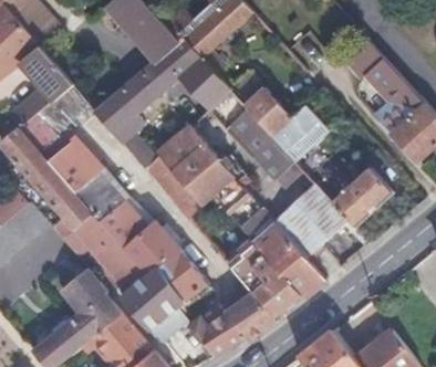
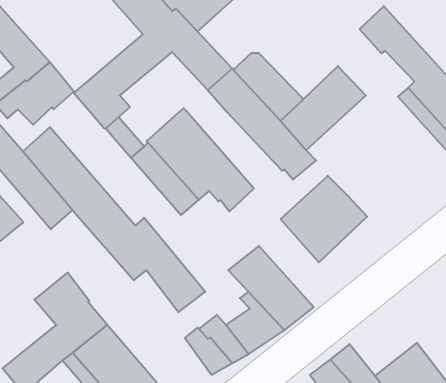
building: [331,166,394,227] -> none
building: [62,213,187,340] -> none
building: [250,221,324,297] -> none

